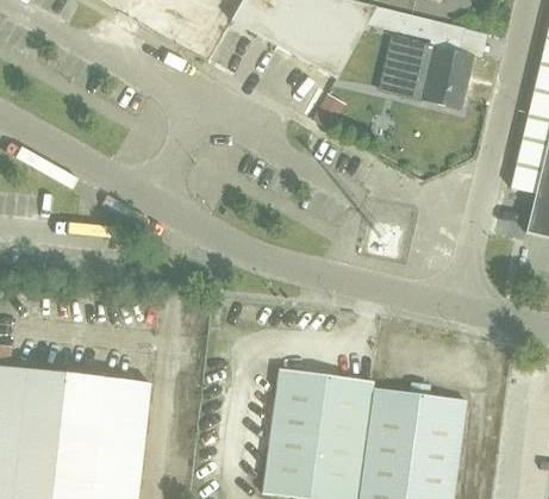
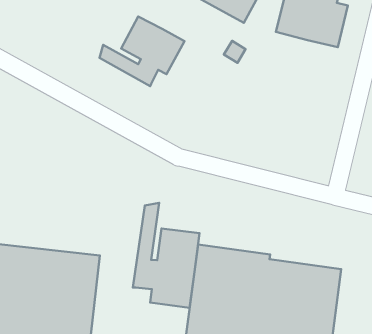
building: none -> [100,16,185,86]
building: none -> [133,203,199,308]

